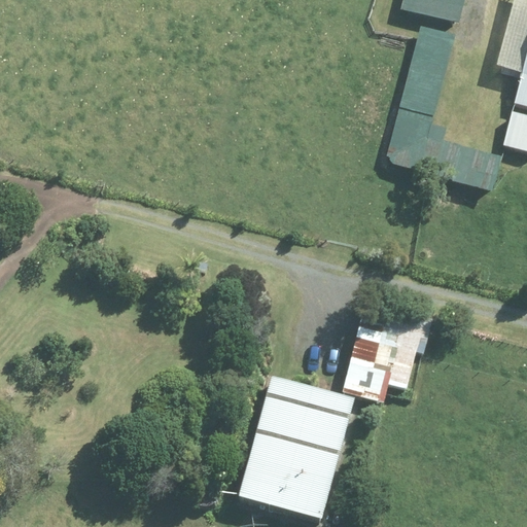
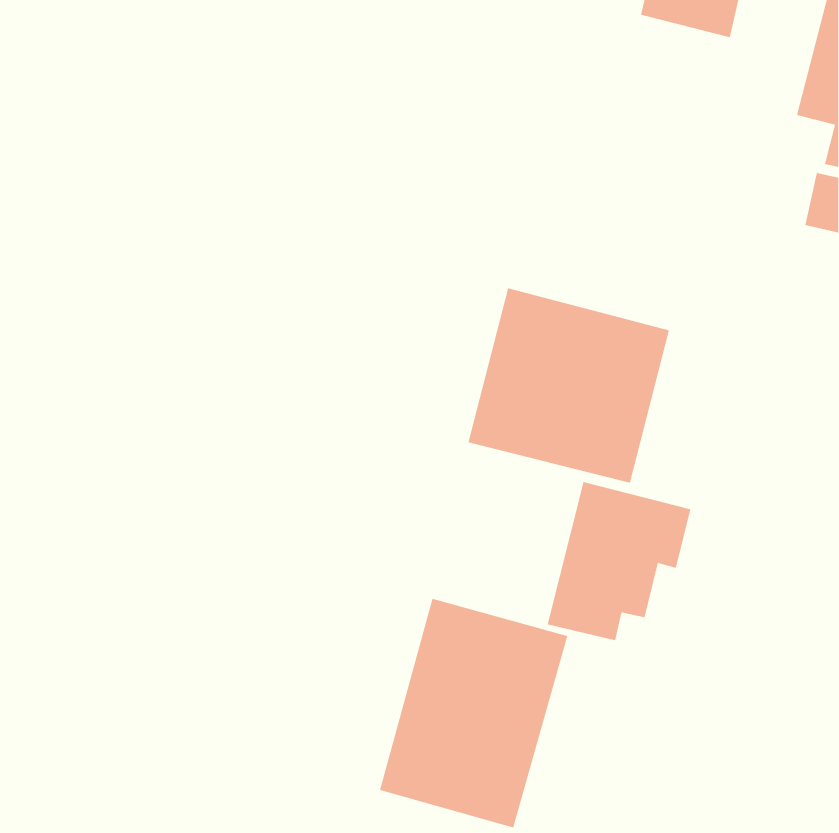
building: [384,25,502,192] -> none
building: none -> [468,288,669,484]

